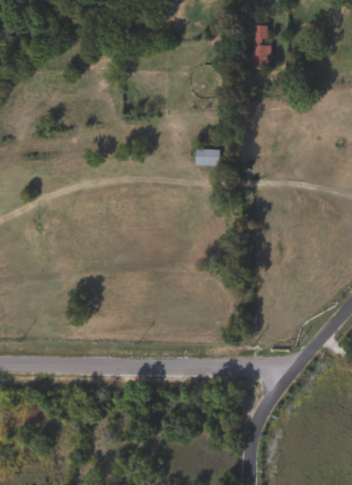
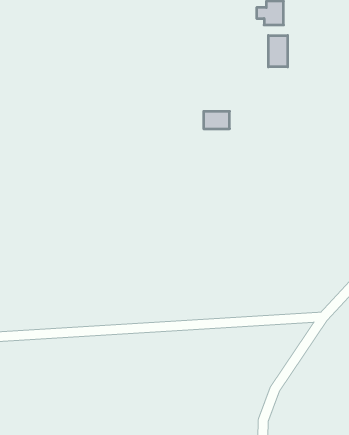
building: none -> [268,35,288,67]

